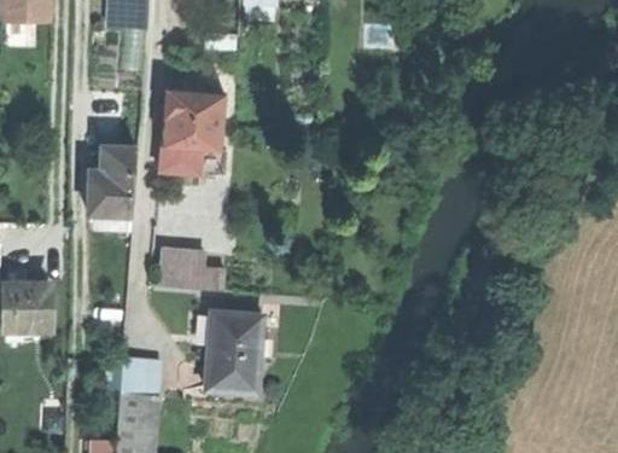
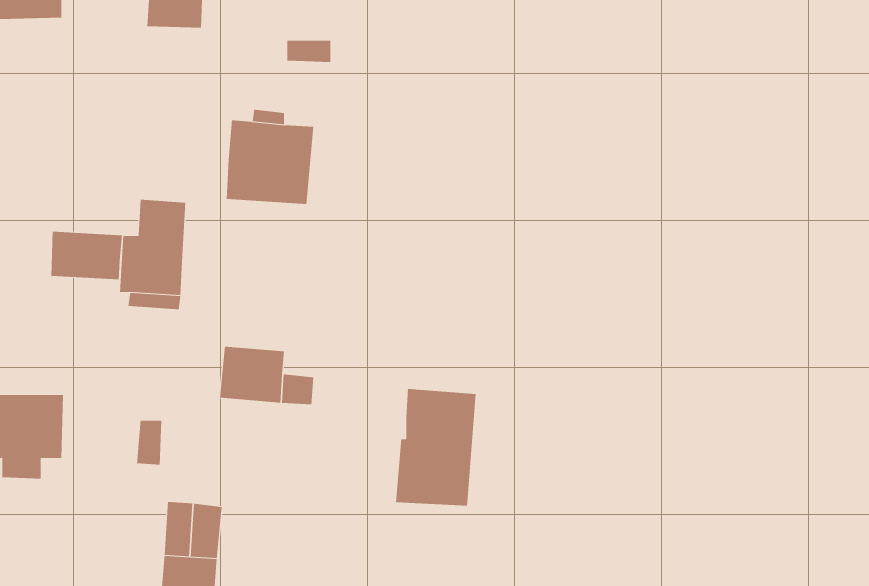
building: [161,145,220,175] -> none
building: none -> [51,231,123,280]
building: [205,310,262,393] -> [395,389,476,506]

